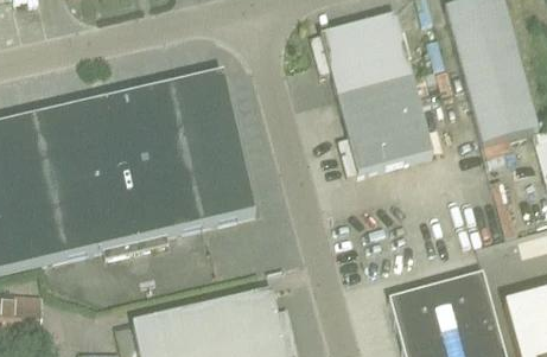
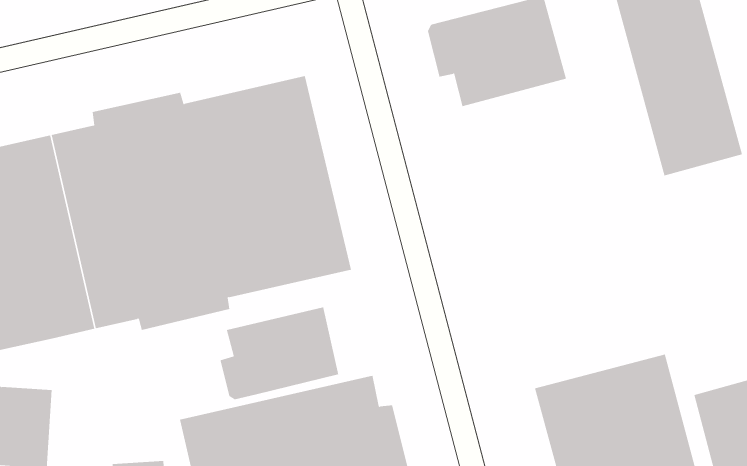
building: [336,72,433,173] -> none
building: none -> [220,306,339,400]

